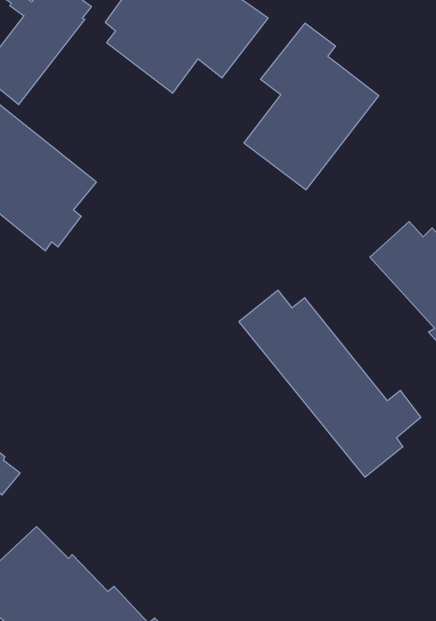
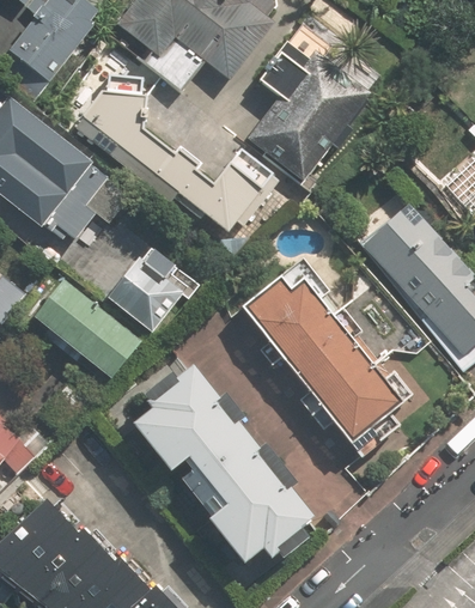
building: none -> [71,75,263,233]
building: none -> [109,255,185,330]
building: none -> [32,280,140,379]
building: none -> [140,372,306,557]

